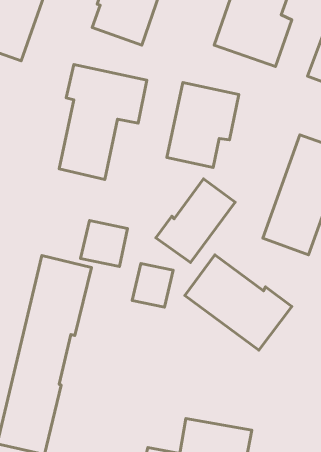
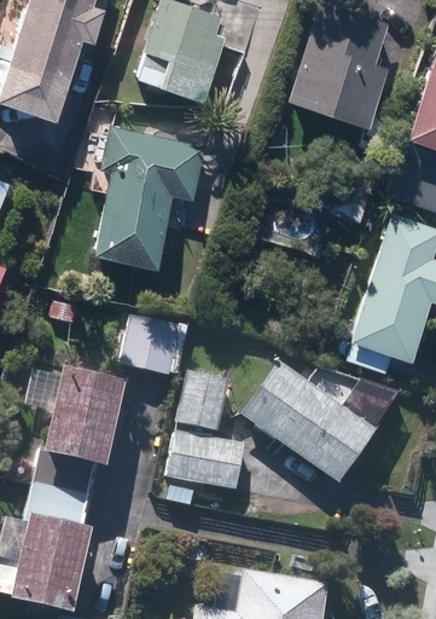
building: [167,83,239,168] -> none
building: [156,179,235,263] -> none
building: none -> [175,432,250,488]

